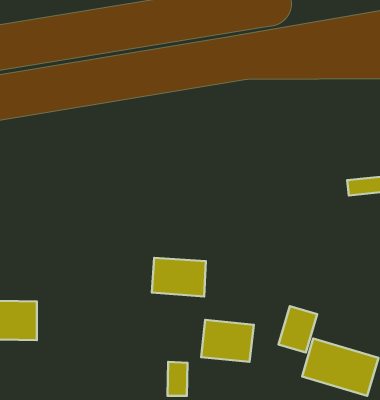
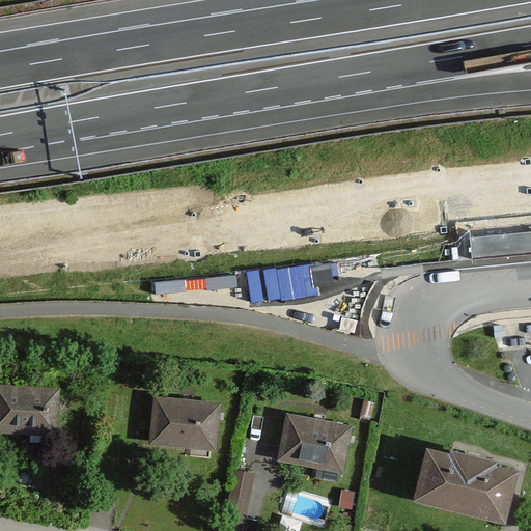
building: [152,258,206,297] -> [152,402,222,452]
building: [279,306,317,352] -> none

